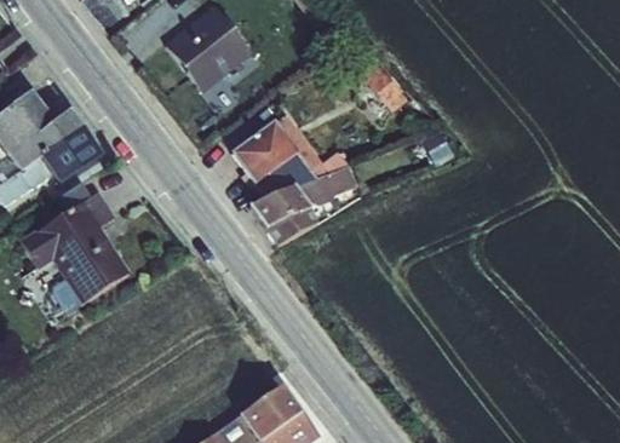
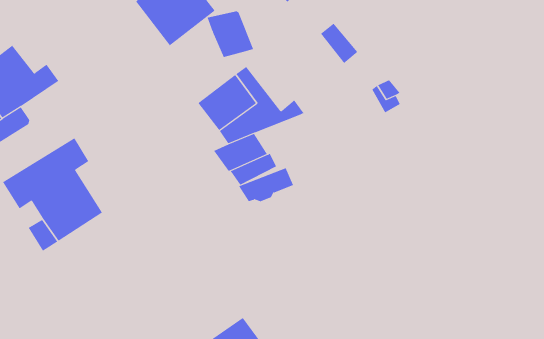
building: none -> [207,10,254,58]
building: [41,130,101,185] -> none
building: [294,166,355,203] -> [238,167,294,202]

